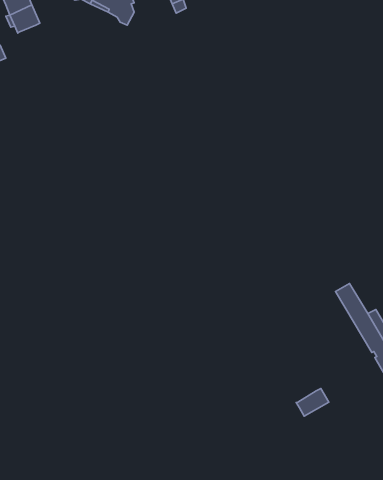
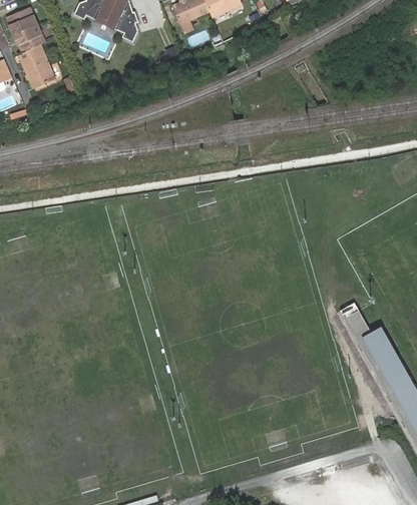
building: none -> [18,43,56,87]
building: [296,388,329,416] -> none

